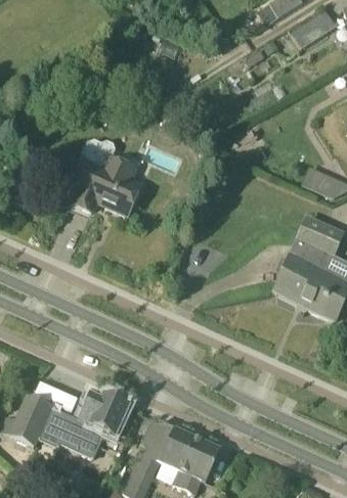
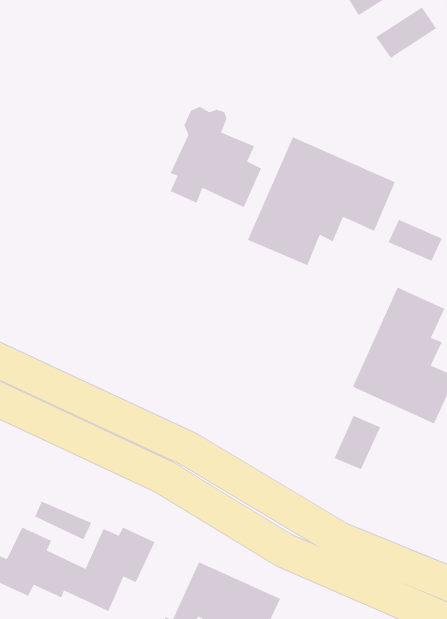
building: none -> [247,136,396,266]
building: [72,139,140,215] -> [170,106,262,208]
building: none -> [334,415,381,470]

